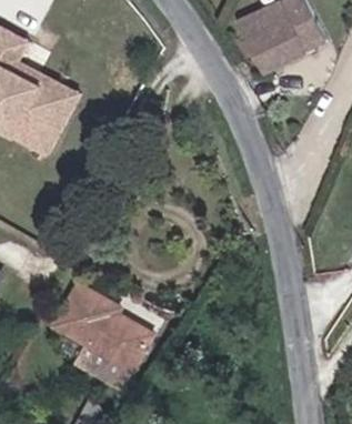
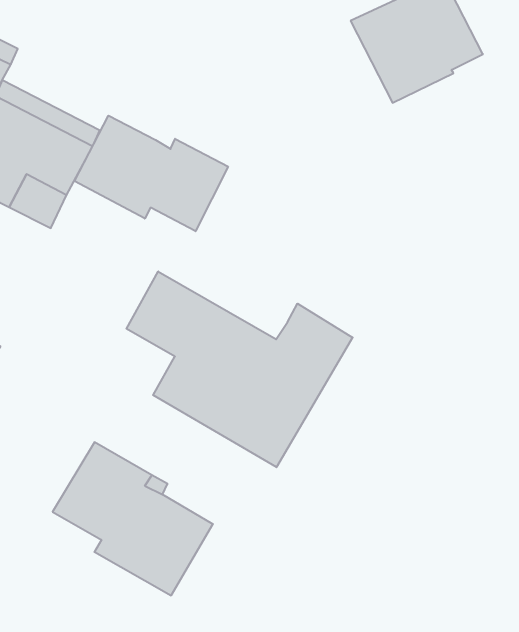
building: none -> [75,116,228,231]
building: none -> [126,271,353,467]

